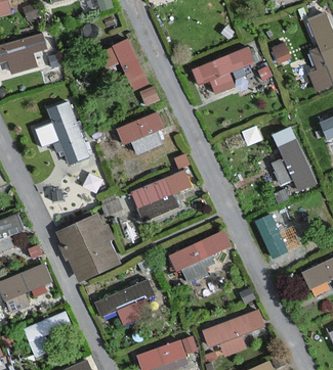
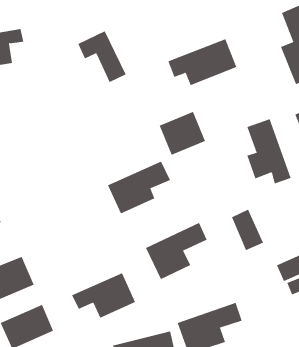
building: [35,99,89,163] -> none
building: [120,112,167,156] -> [159,111,206,155]
building: [55,212,120,281] -> none

